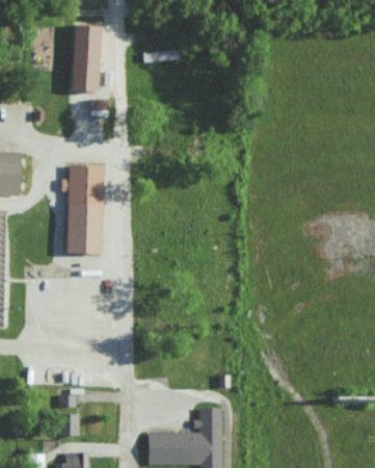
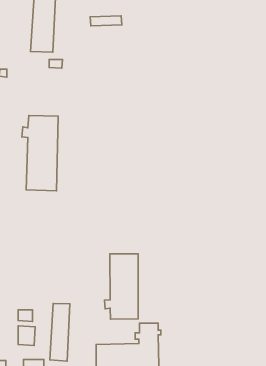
building: none -> [104,254,138,319]
building: none -> [50,303,70,361]

